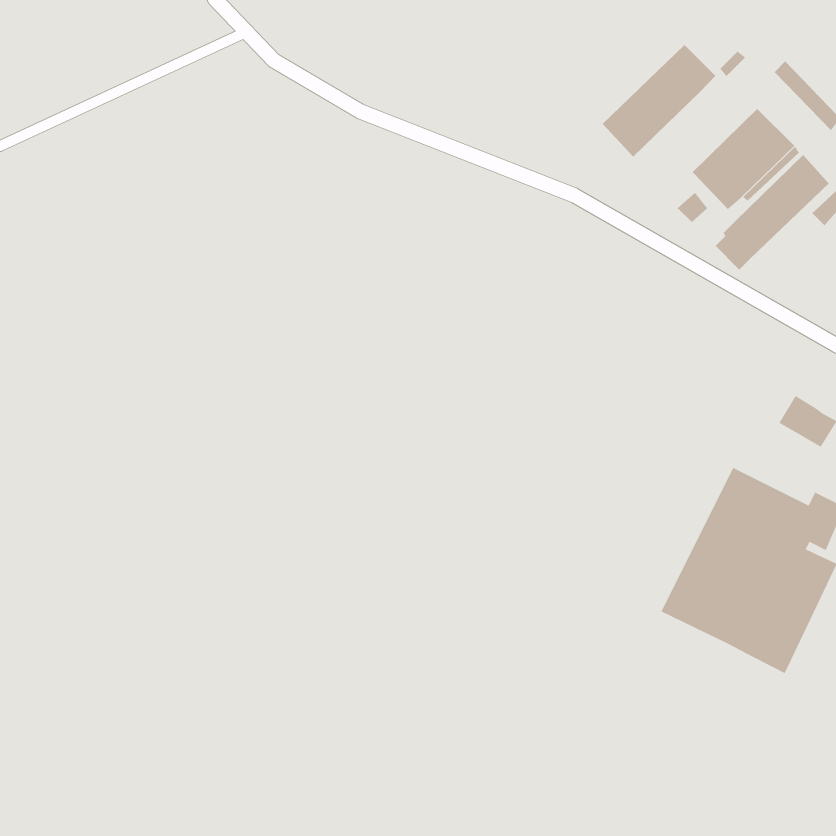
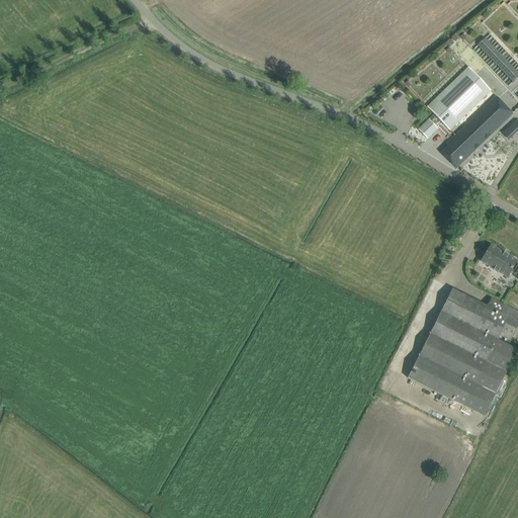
building: [602,44,716,158] -> none

